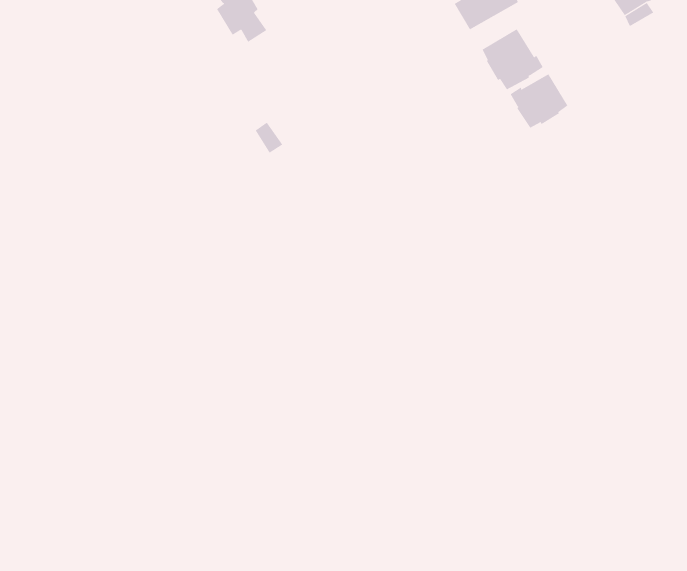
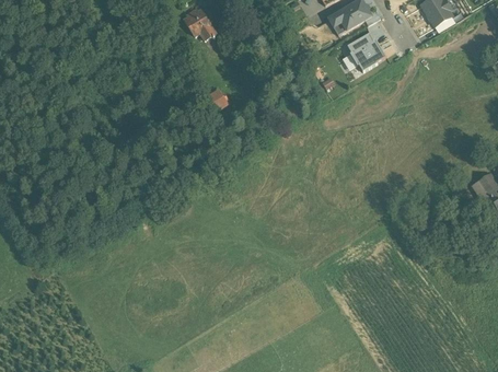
building: [510,73,568,128] -> none

